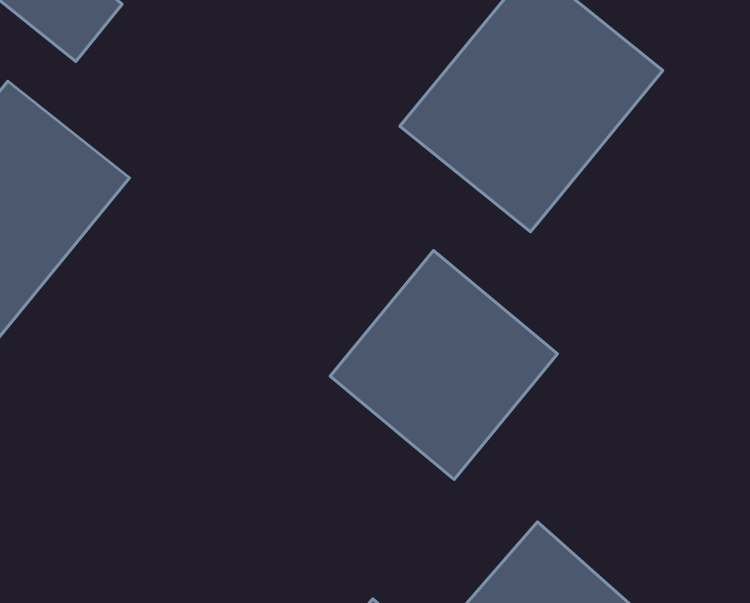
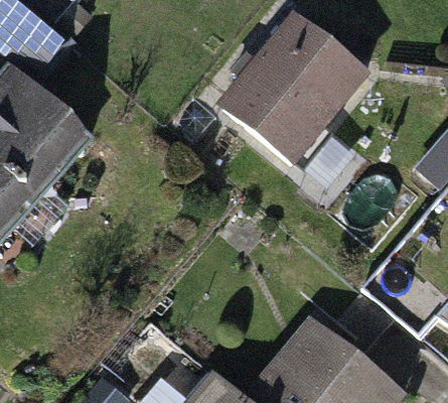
building: [330,251,557,479] -> none

